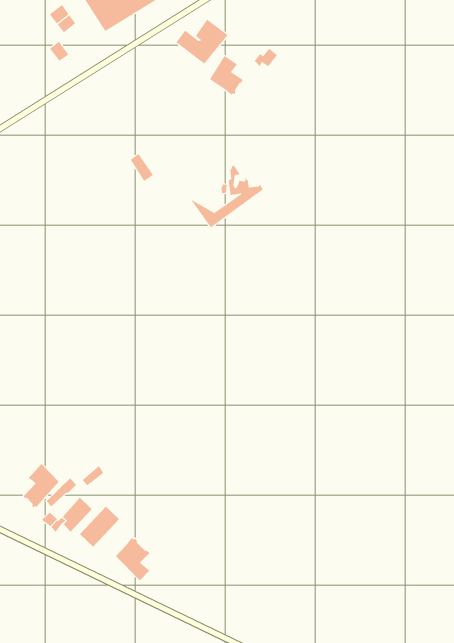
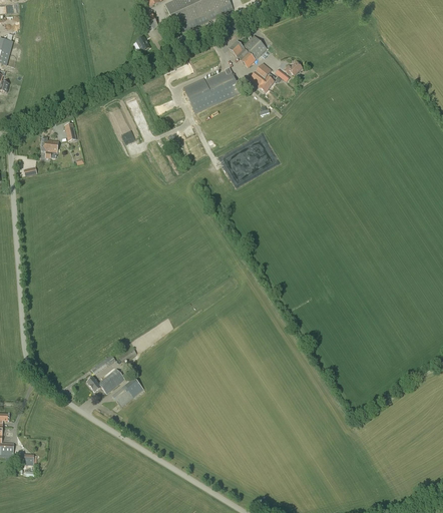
building: none -> [183,67,242,112]
building: [22,463,60,508] -> none
building: [115,537,150,581] -> none

